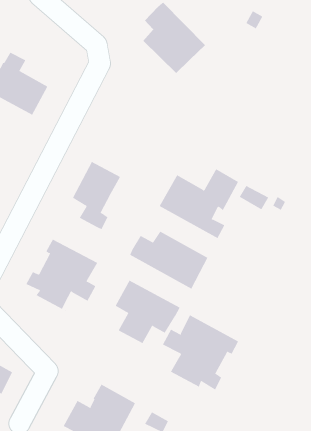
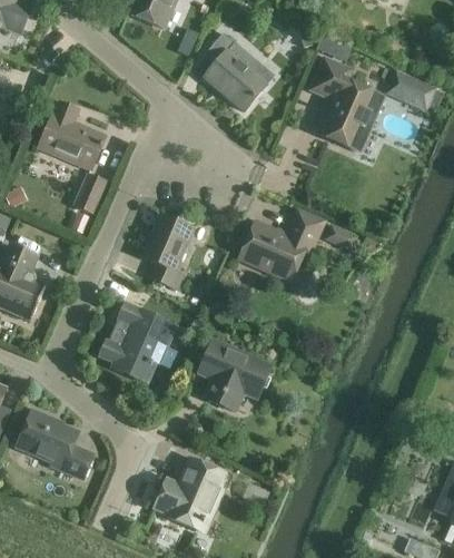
building: none -> [313,60,381,149]
building: none -> [75,174,107,213]
building: [129,231,208,289] -> none
building: [162,314,239,390] -> none

